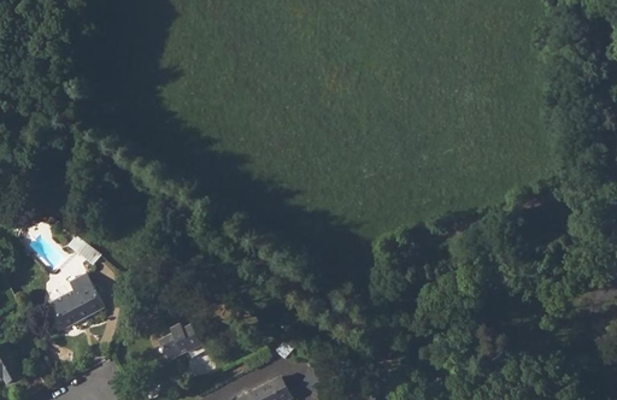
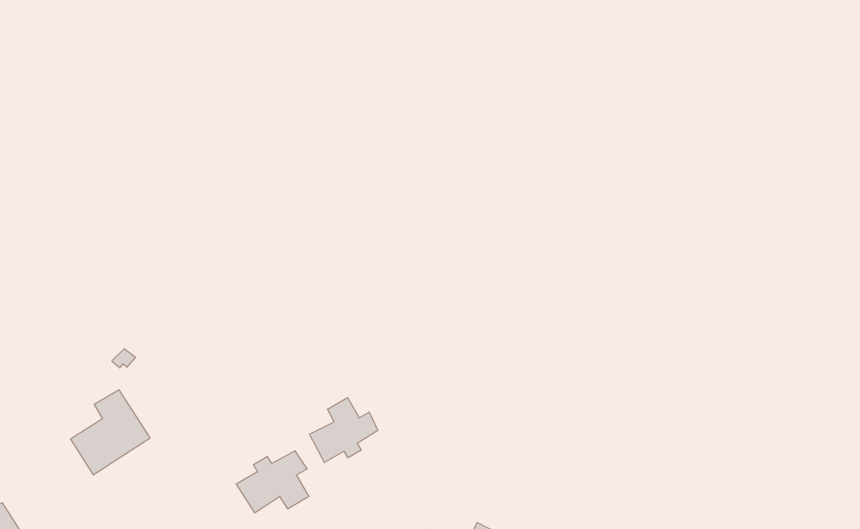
building: none -> [310,398,378,463]

